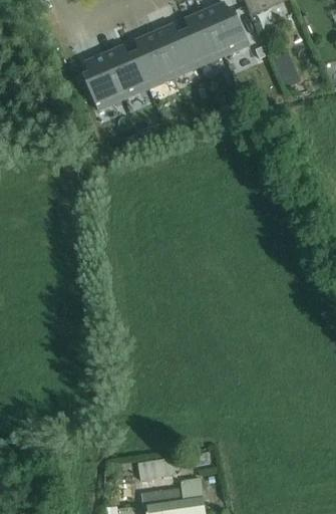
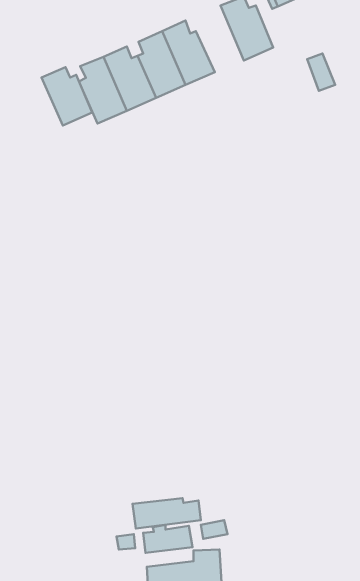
building: [183,9,224,66] -> none
building: none -> [42,67,92,125]
building: none -> [133,498,201,529]

